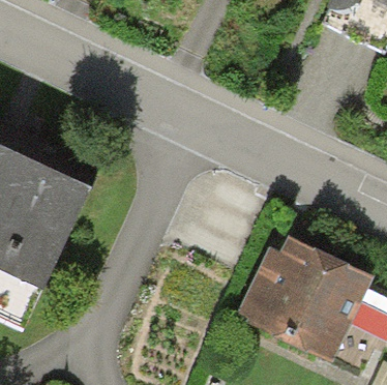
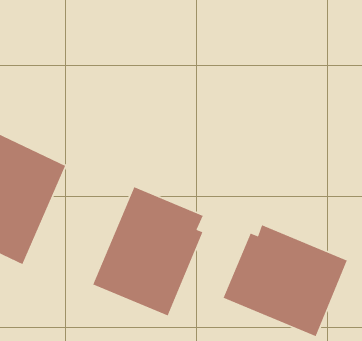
building: none -> [92,186,204,317]

